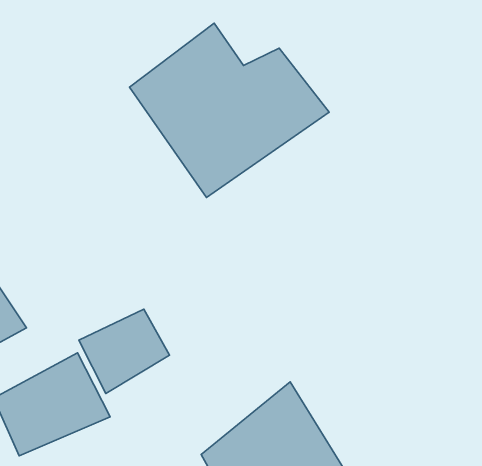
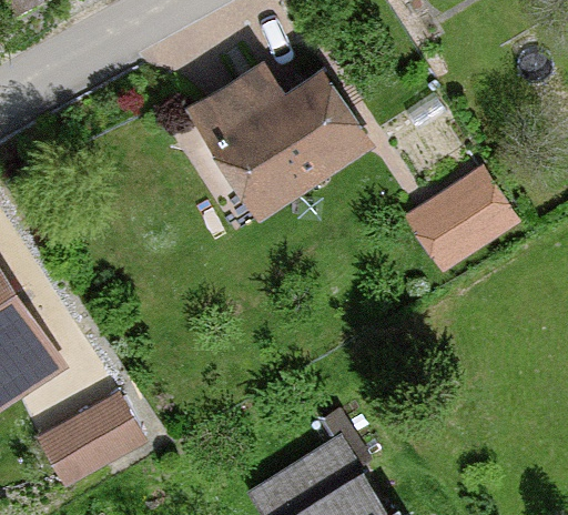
building: none -> [398,166,520,273]
building: [79,309,170,394] -> none

